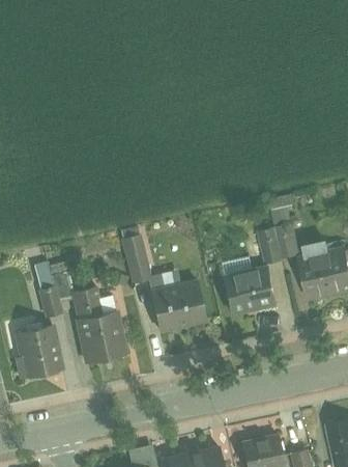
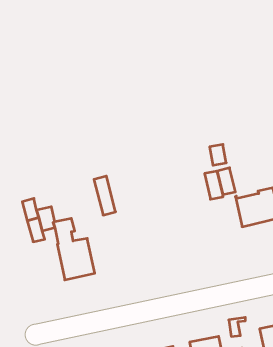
building: [224,268,278,312] -> none
building: [150,282,204,330] -> none
building: [16,326,60,378] -> none

